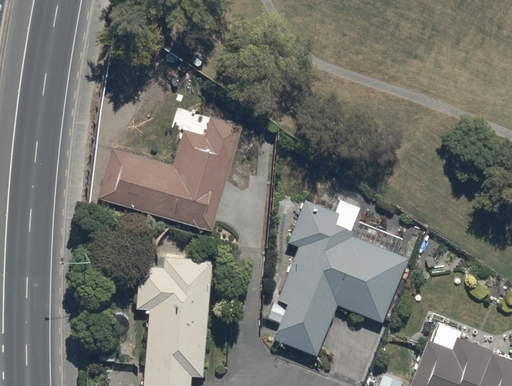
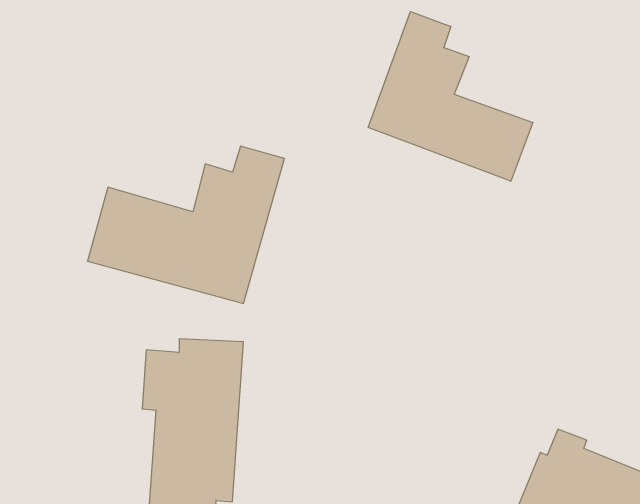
building: none -> [368,12,533,181]
building: [269,200,407,356] -> none

